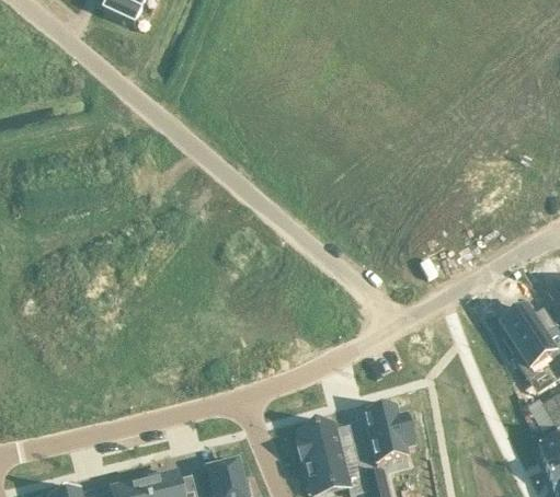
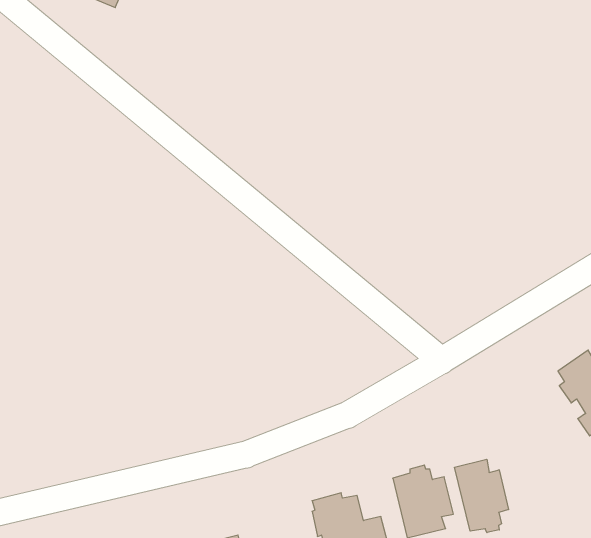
building: none -> [455,459,509,533]

